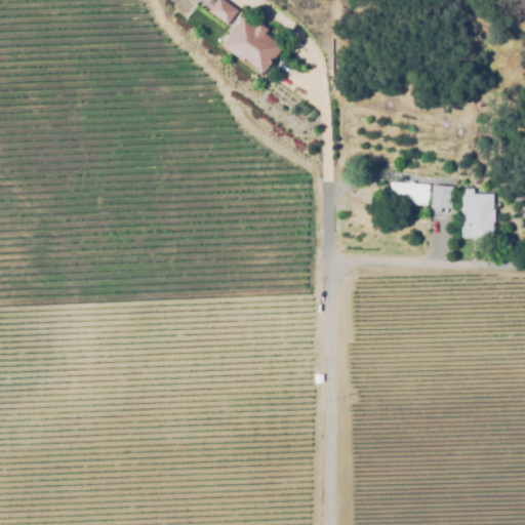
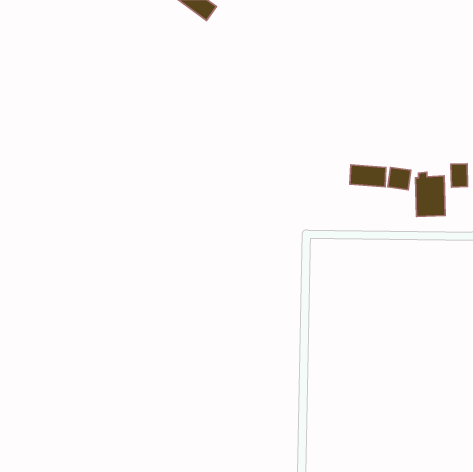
building: [224,14,286,69] -> none
building: none -> [451,164,468,187]

